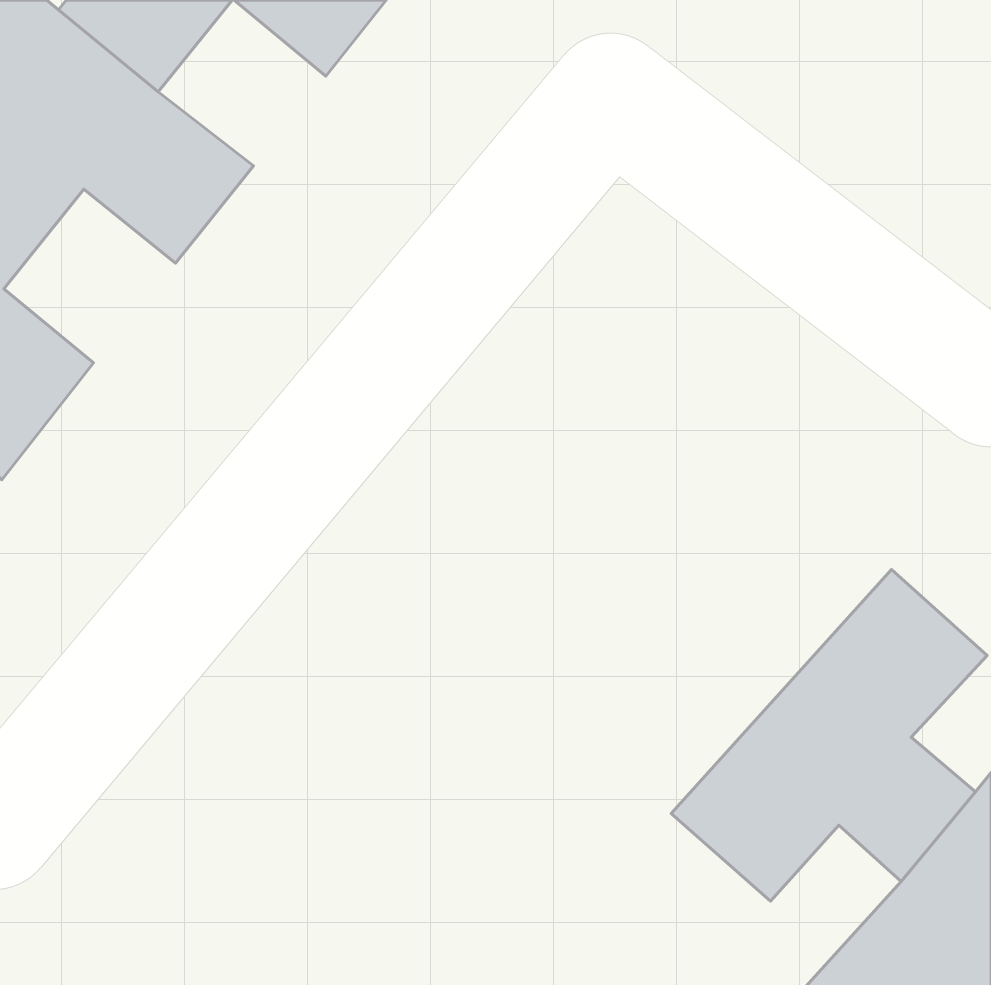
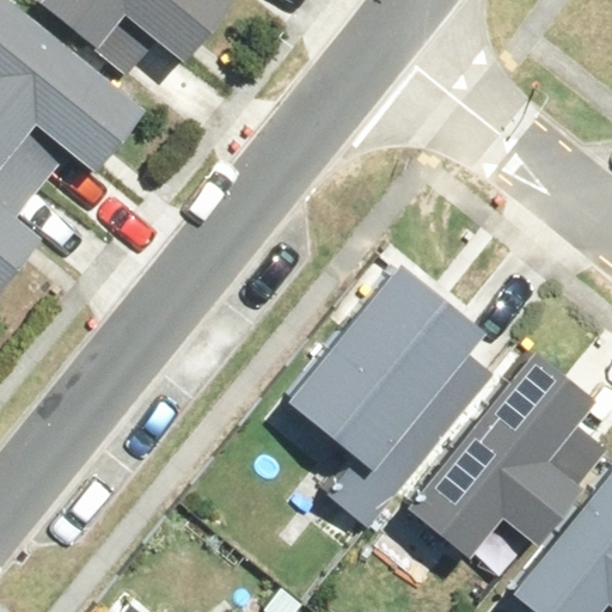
building: none -> [292,271,475,524]

